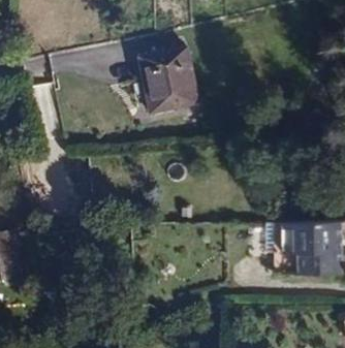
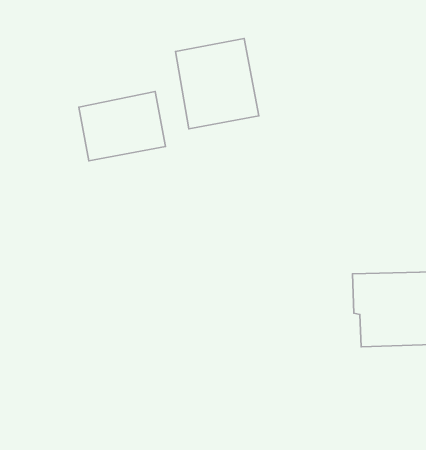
building: none -> [79,92,165,161]

